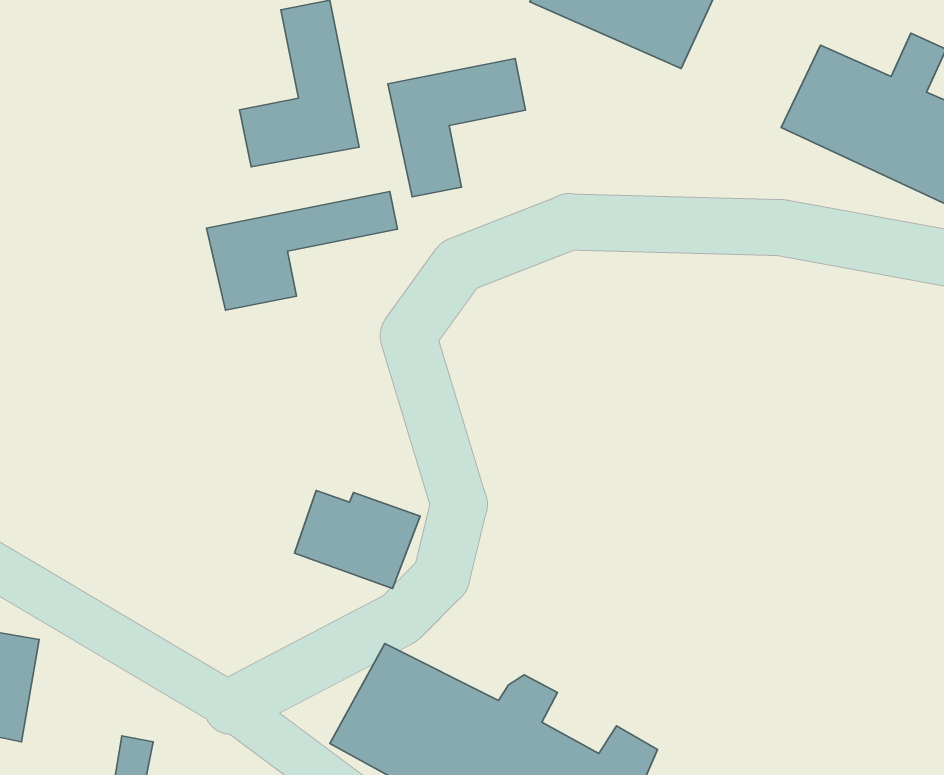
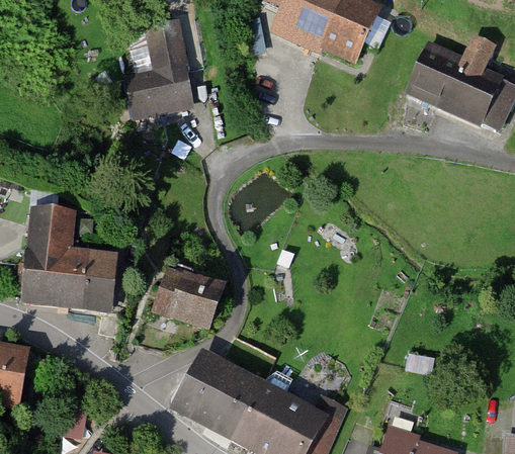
building: [388,58,525,197] -> none
building: [207,191,397,310] -> none
building: none -> [20,210,119,312]

